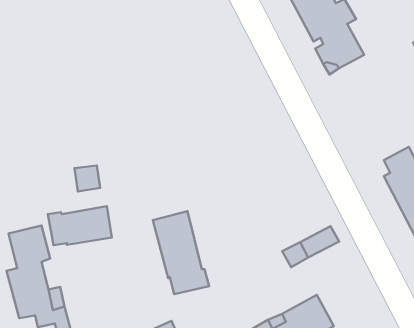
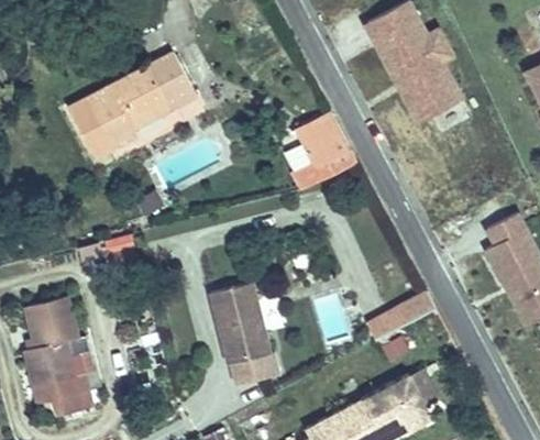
building: none -> [78,64,184,147]
building: none -> [289,116,351,188]
building: [48,206,112,245] -> none

